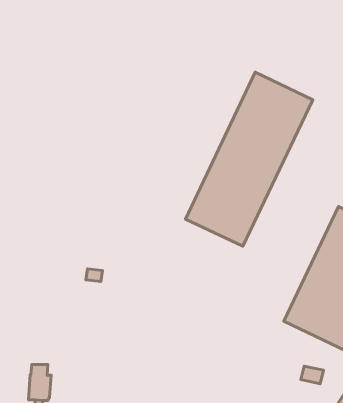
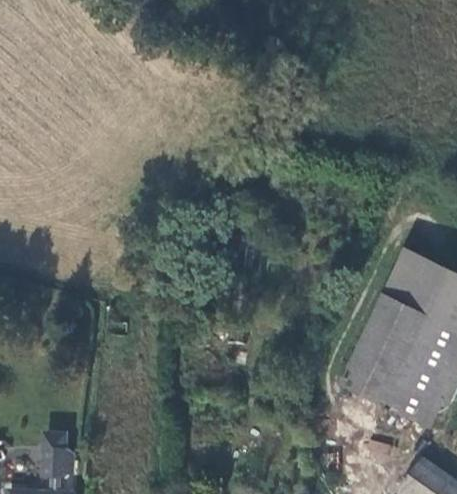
building: [186,72,313,246] -> none

